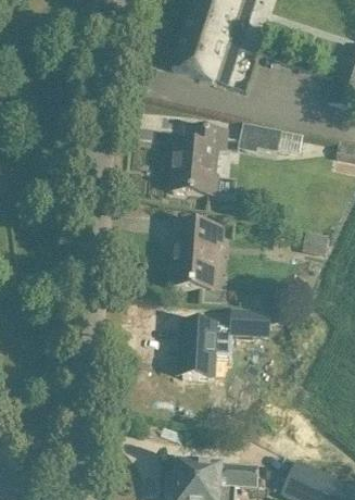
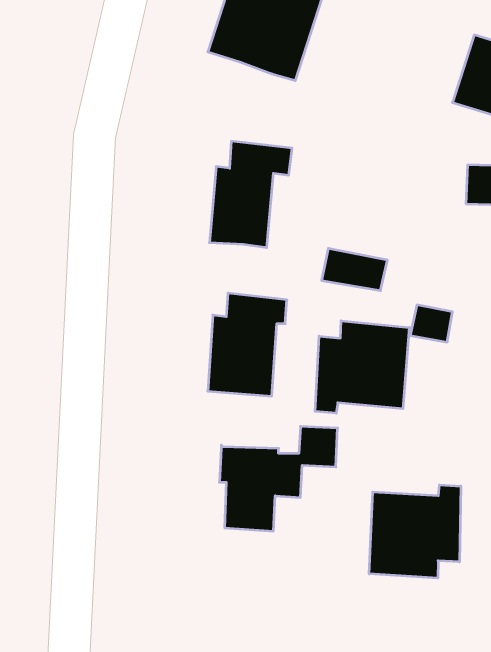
building: [239,121,281,148] -> [322,248,387,291]
building: none -> [315,321,409,413]
building: none -> [369,485,461,578]

